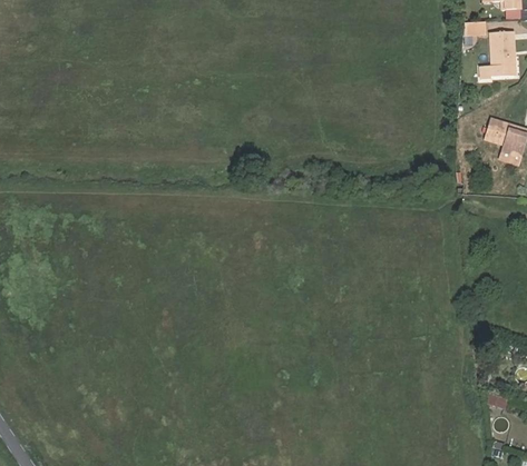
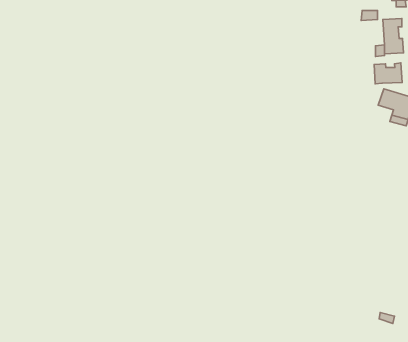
building: none -> [374,63,402,84]

